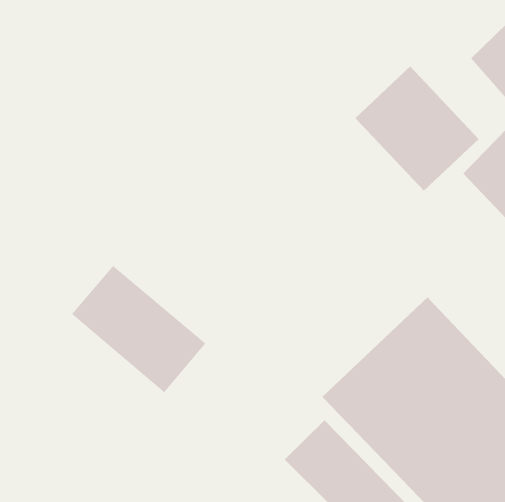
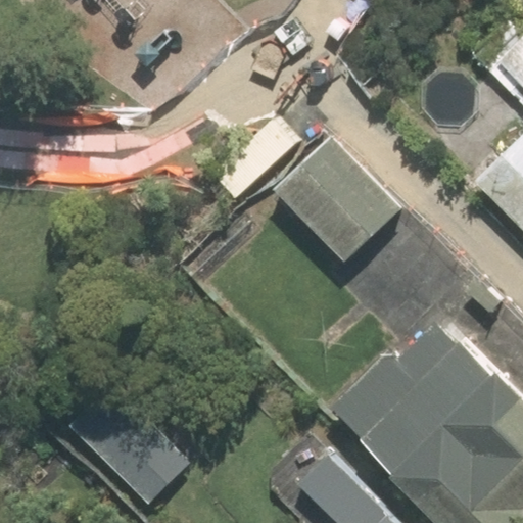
building: [354,66,479,192] -> [272,137,400,267]
building: [71,265,206,393] -> [56,380,195,512]

